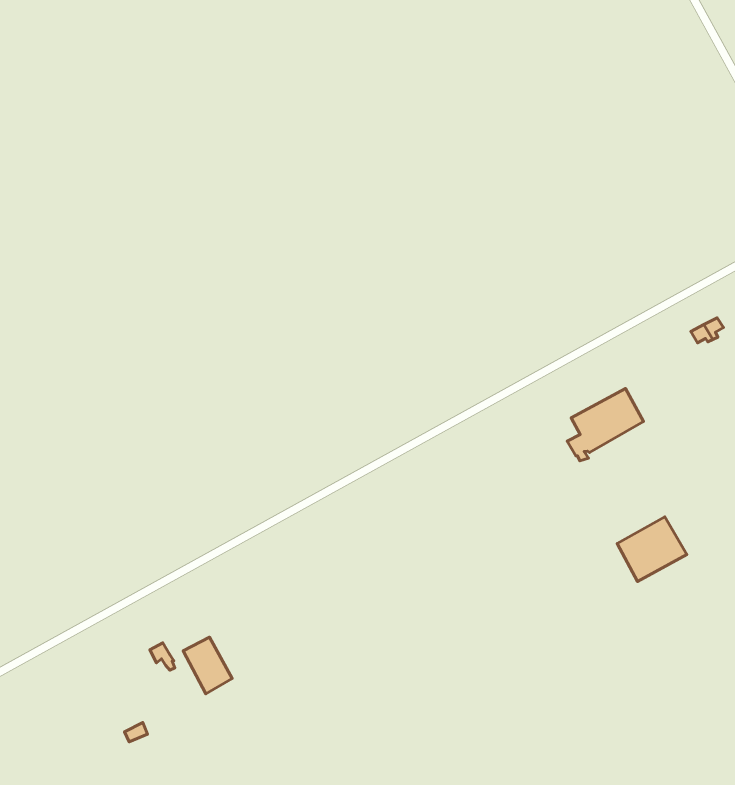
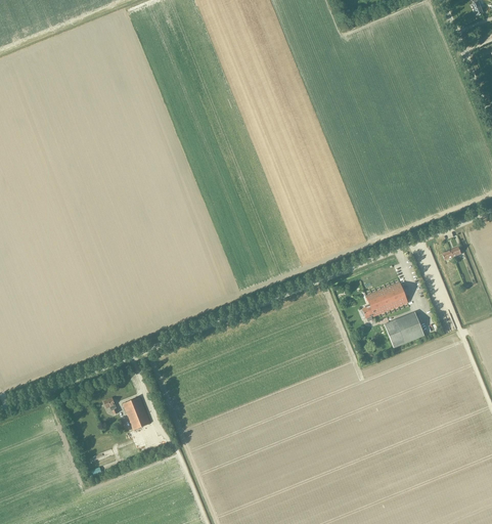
building: [617,517,687,581] -> [384,312,423,348]

